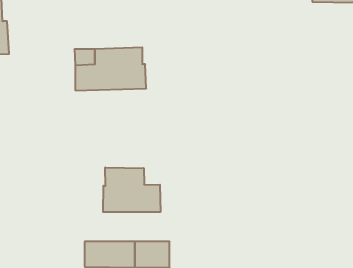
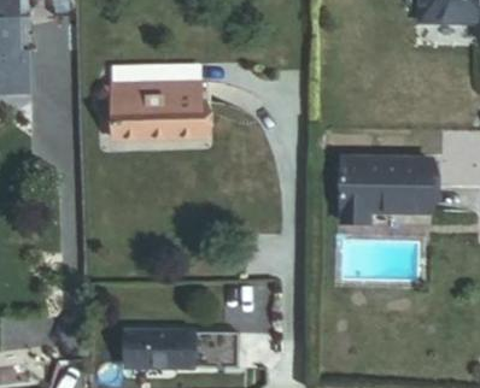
building: none -> [341,158,431,222]
building: [103,167,160,212] -> none

